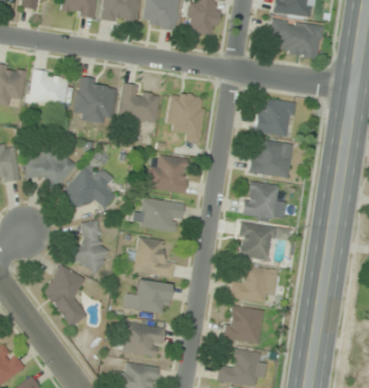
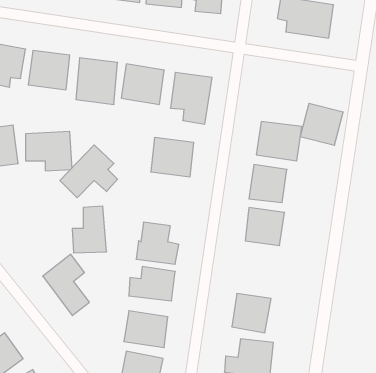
building: [254,97,295,138] -> [300,103,343,145]
building: [134,199,183,231] -> none
building: [230,267,278,303] -> none

